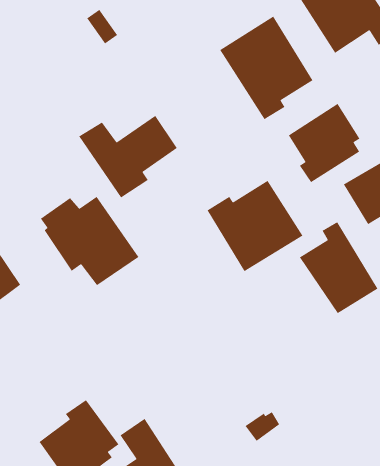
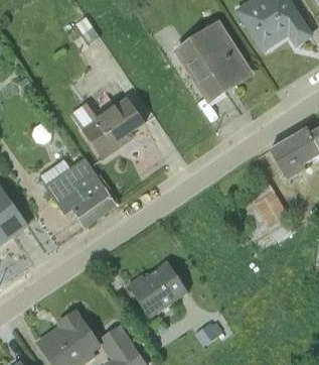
building: [288,103,360,183] -> none
building: [206,180,304,272] -> none
building: none -> [127,261,190,320]

